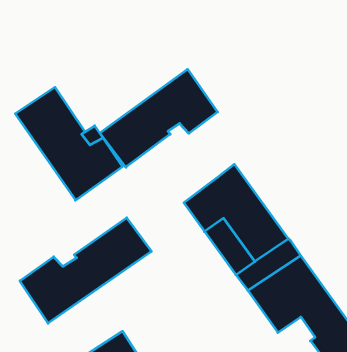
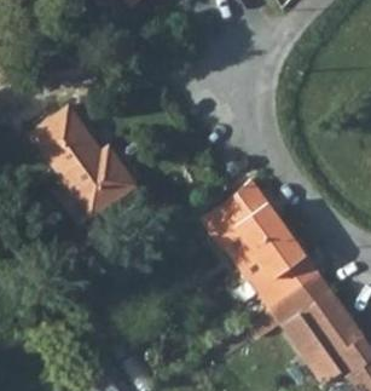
building: [100,69,218,167] -> none
building: [20,218,151,323] -> none

